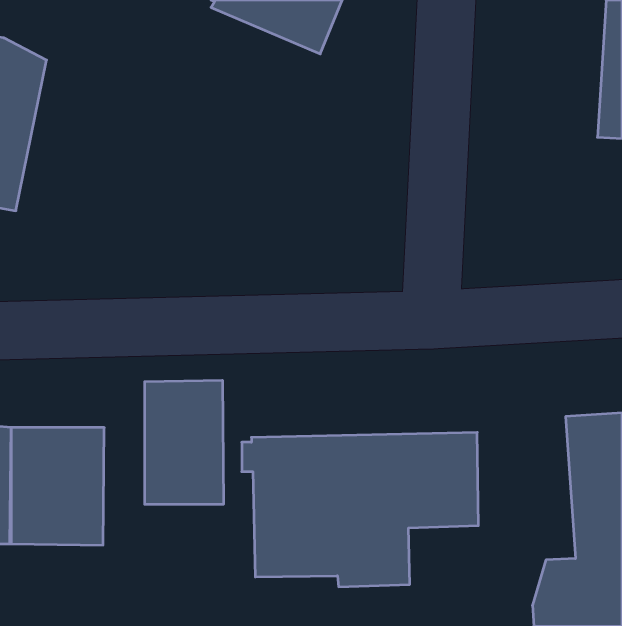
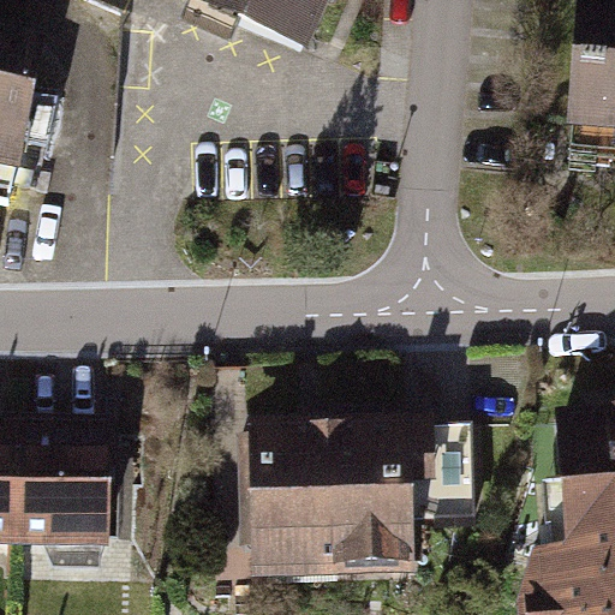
building: [145,380,223,504] -> none

